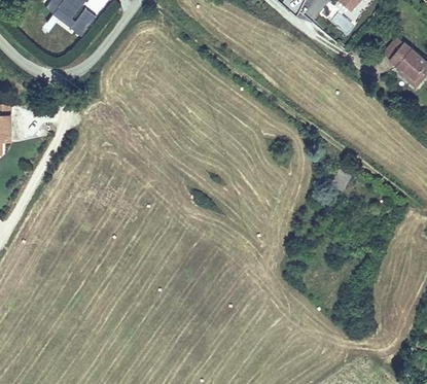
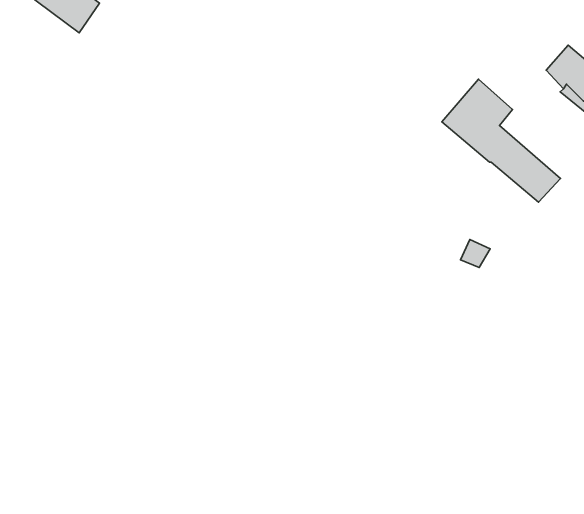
building: none -> [442,79,561,202]

